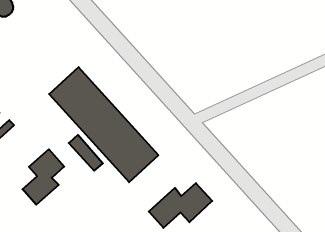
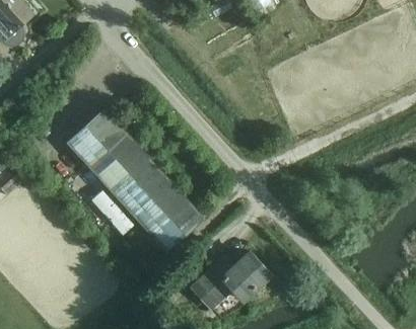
building: [22,149,64,205] -> none

